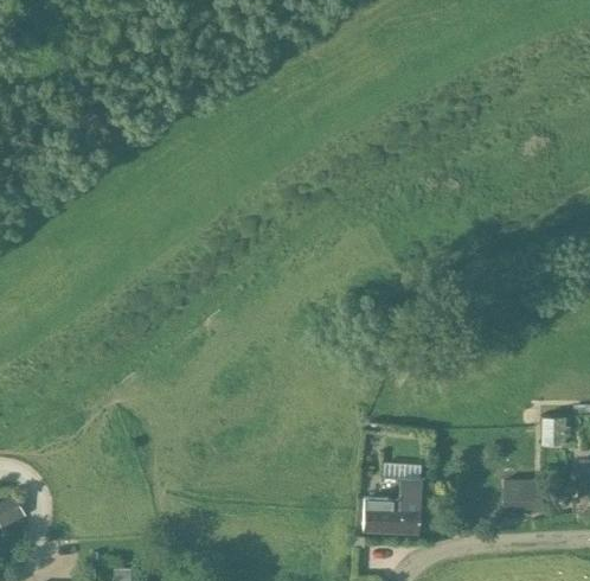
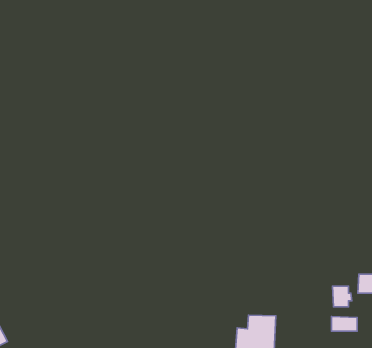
building: none -> [333,286,352,307]

